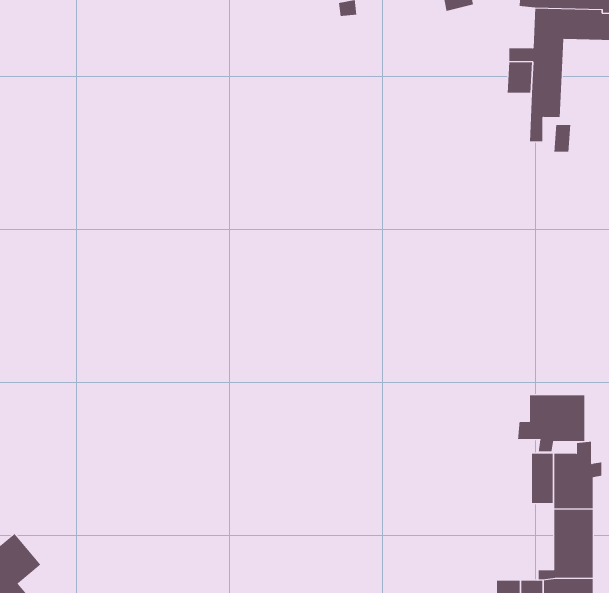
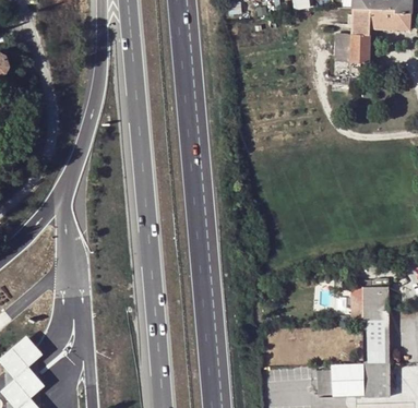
building: [517,394,585,452] -> none

